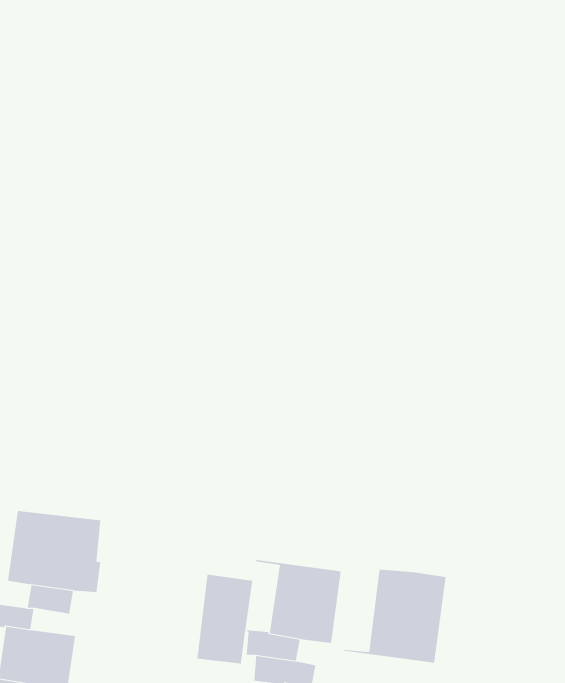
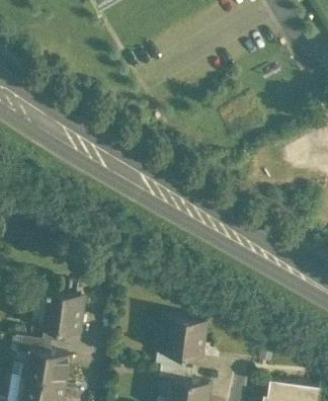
building: [343,569,446,664] -> none
building: [197,574,253,665] -> none

